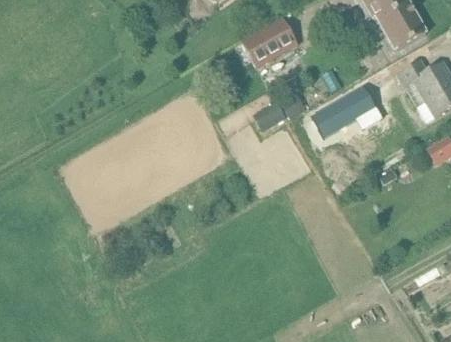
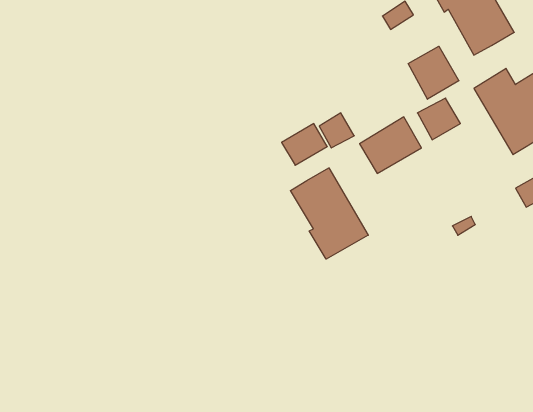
building: [242,17,299,67] -> none
building: none -> [408,46,459,99]
building: none -> [290,168,368,259]

